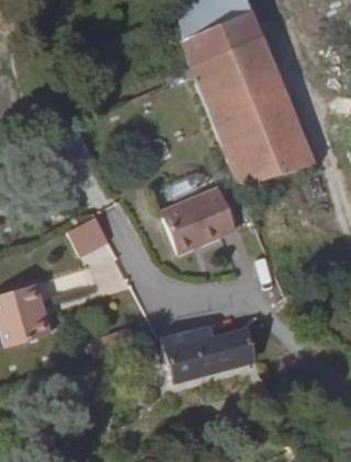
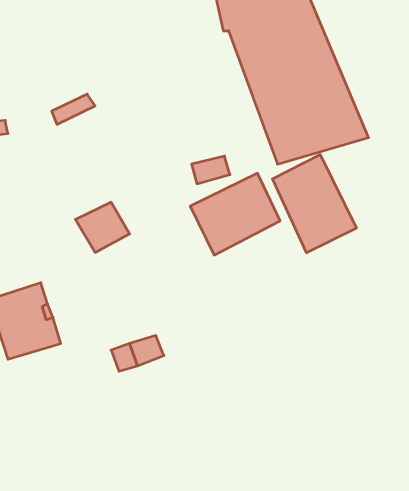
building: none -> [272,155,356,253]
building: [167,322,260,379] -> none

